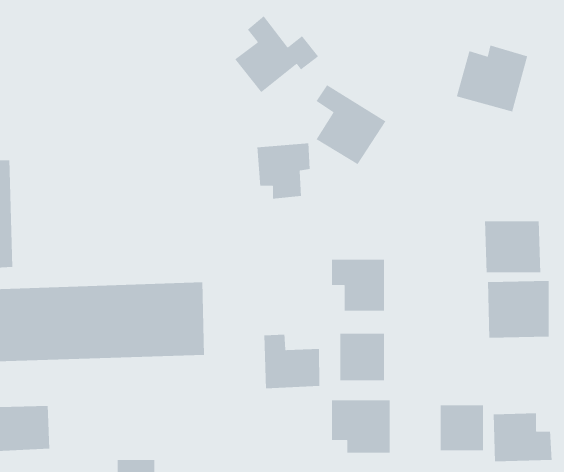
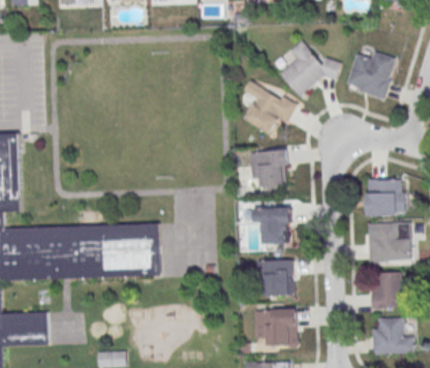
building: [234,15,319,93] -> [279,40,341,97]
building: [257,143,310,199] -> [249,149,288,190]
building: [264,334,320,389] -> none
building: [440,404,484,451] -> [370,273,402,307]

